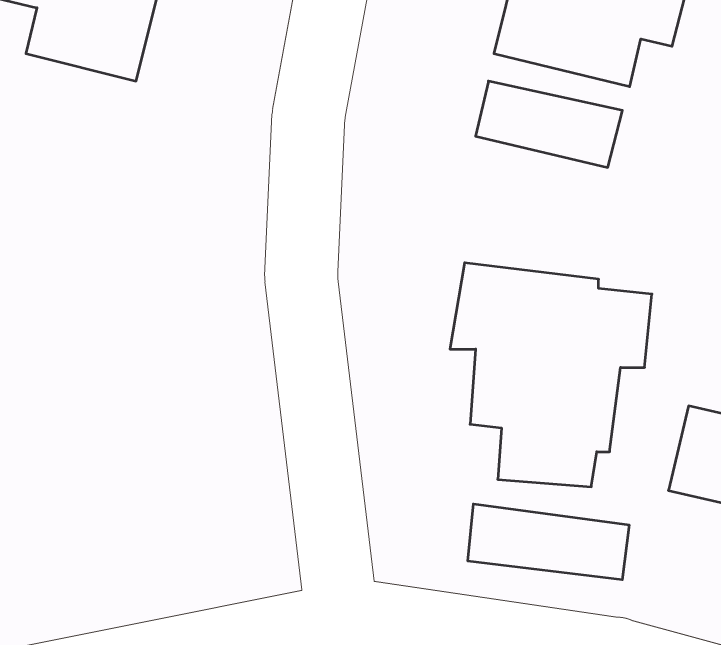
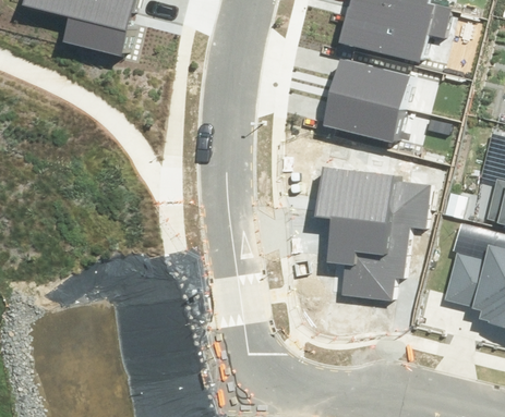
building: none -> [321,91,407,145]
building: [468,504,629,580] -> none

